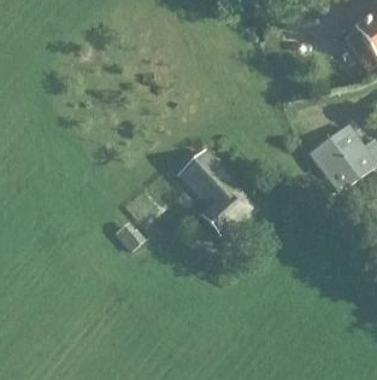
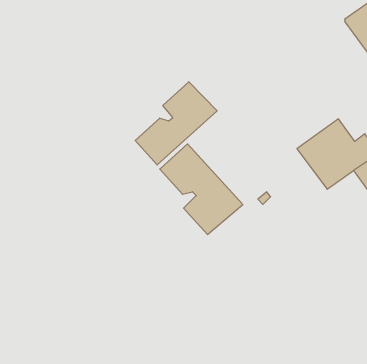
building: none -> [135,82,217,165]

